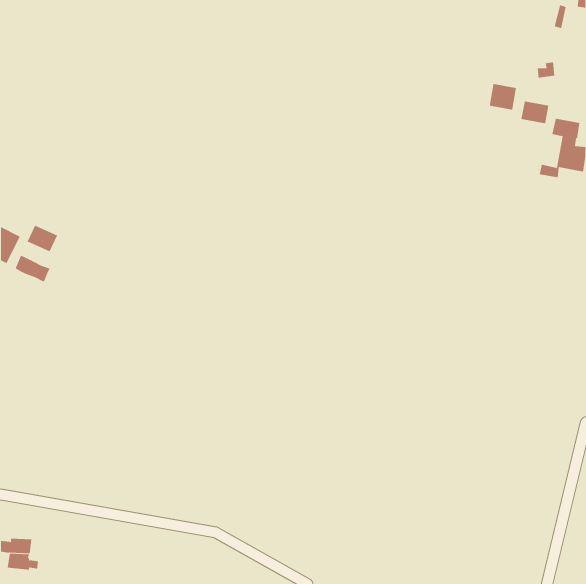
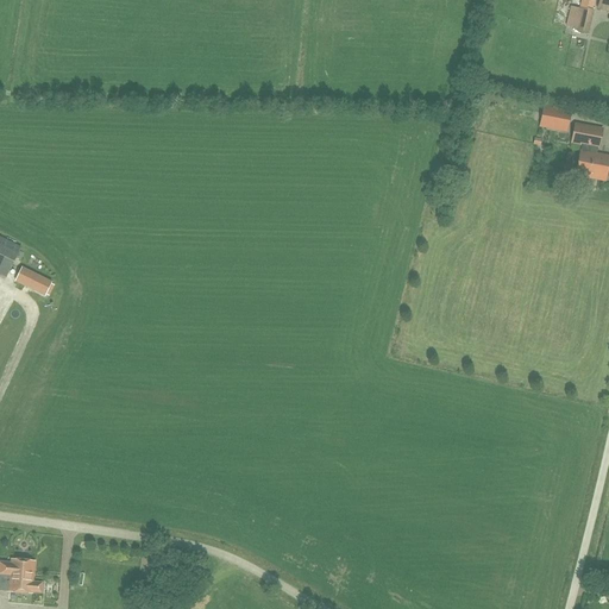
building: [489,83,516,110] -> none
building: [27,225,58,252] -> none

